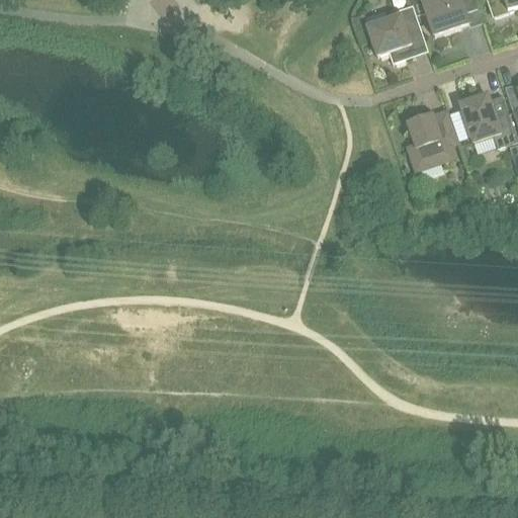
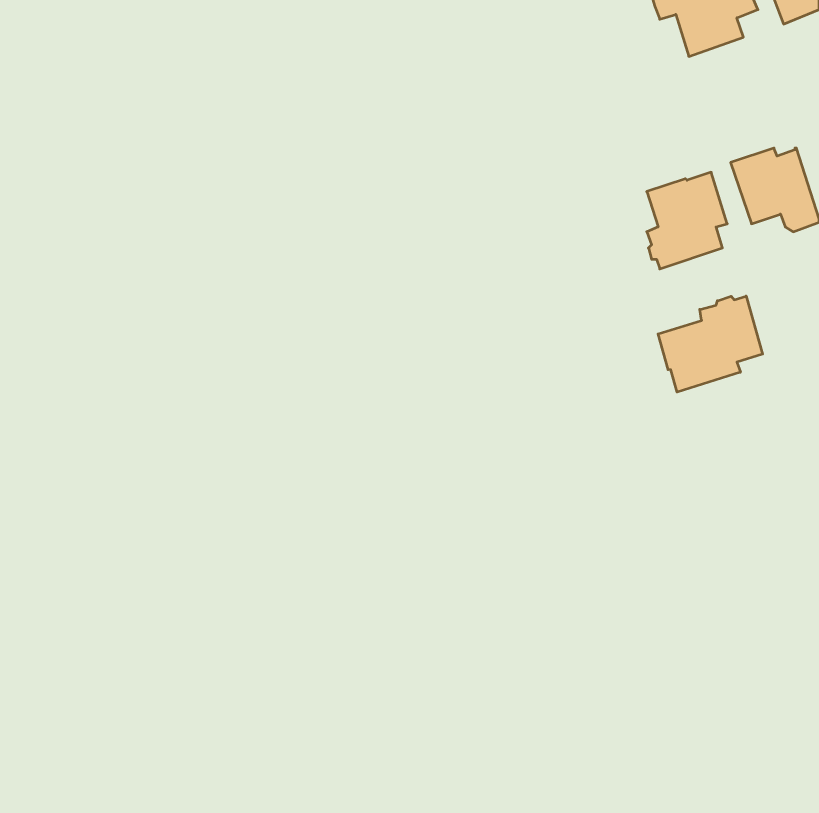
building: [366,4,420,62] -> none
building: none -> [658,296,763,392]

